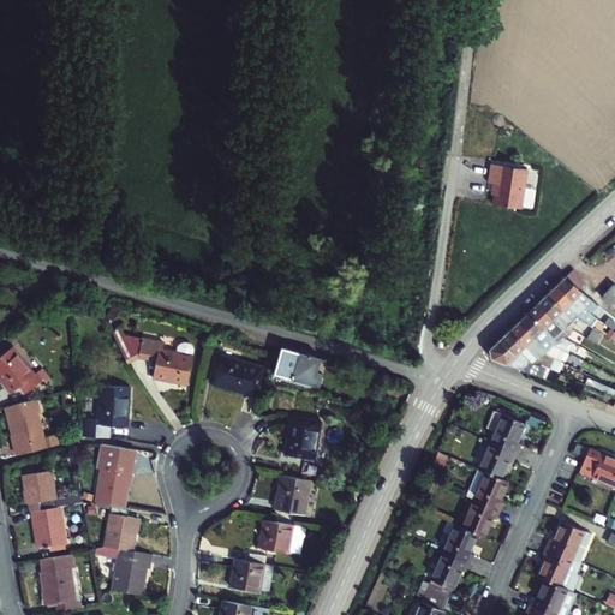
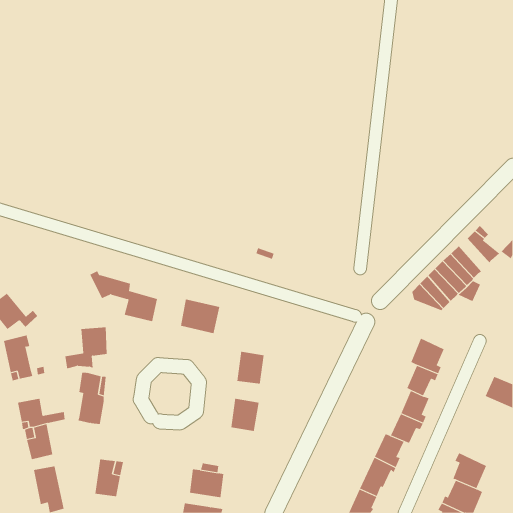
building: [490,155,530,202] -> none
building: [548,285,598,326] -> none
building: [269,348,323,387] -> none
building: [102,506,132,549] -> none
building: [548,518,593,556] -> none
building: [252,519,301,556] -> none

